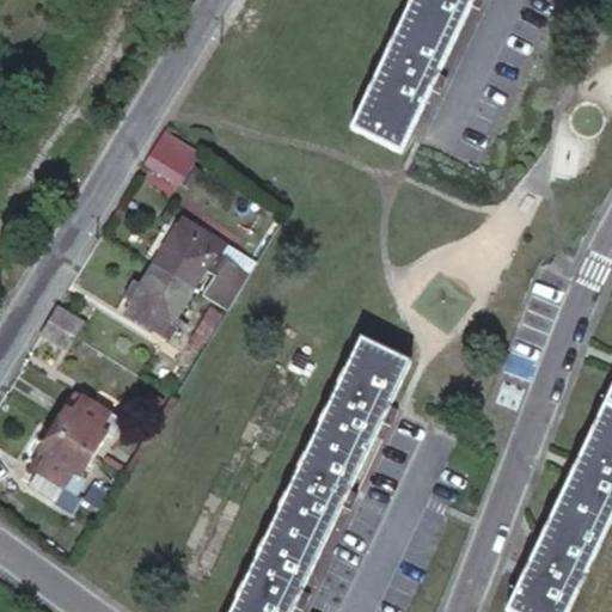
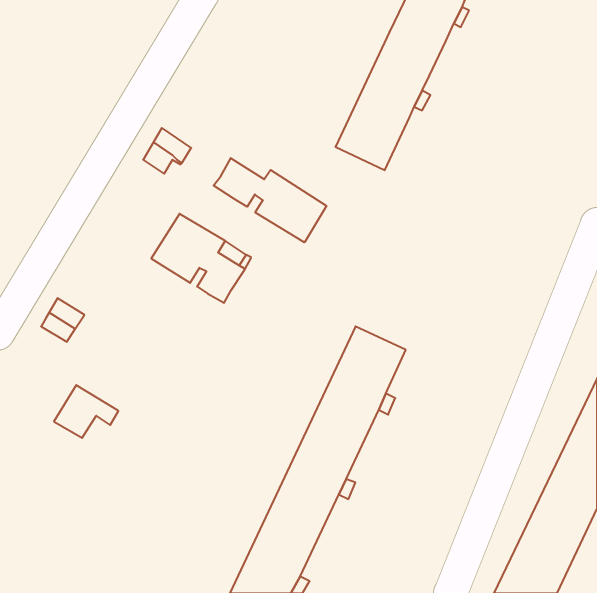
building: none -> [214,158,326,242]
building: [126,263,194,338] -> none
building: [29,429,85,501] -> none

